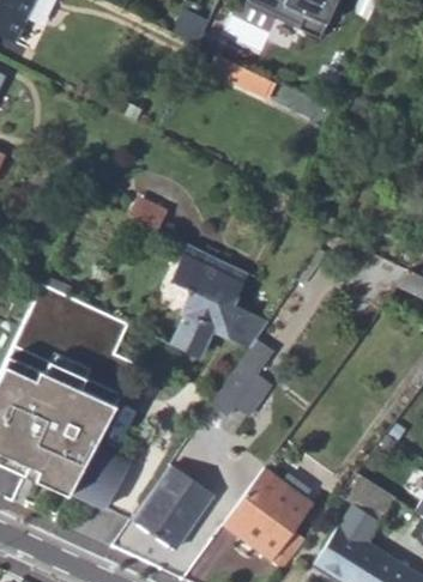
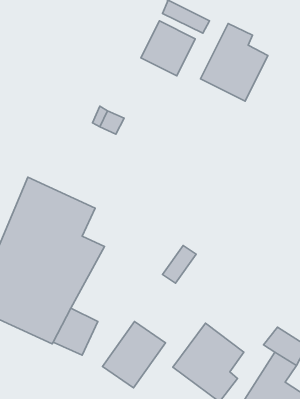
building: none -> [141,21,195,76]
building: none -> [200,24,268,101]
building: [161,242,268,357] -> none

